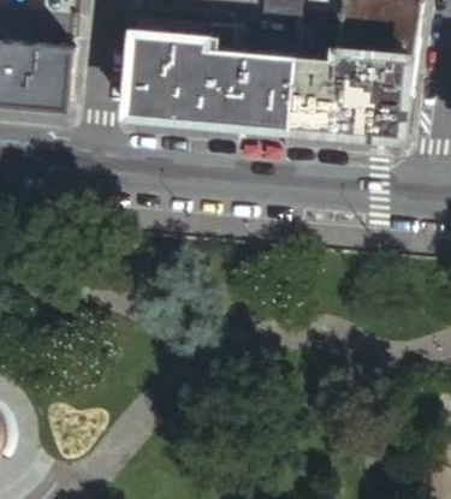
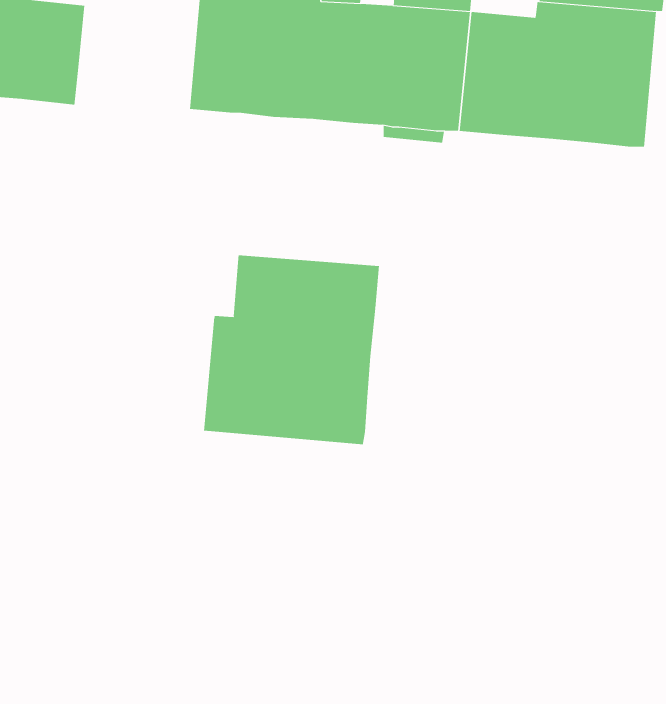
building: none -> [203,254,379,445]

